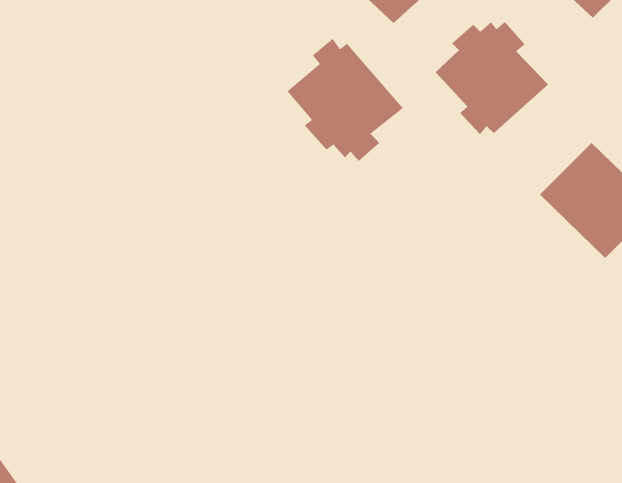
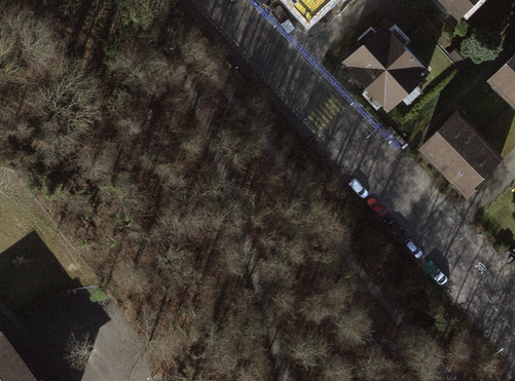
building: [287,38,404,162] -> none

